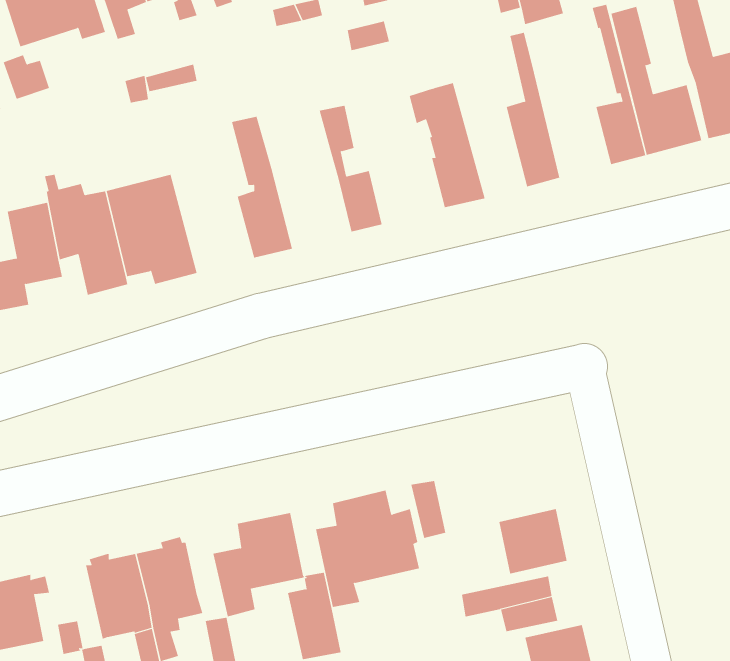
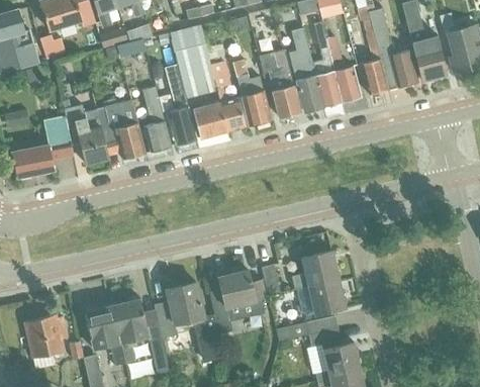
building: none -> [169,24,217,96]
building: none -> [289,27,323,111]
building: none -> [326,35,361,101]
building: none -> [233,59,271,125]
building: none -> [142,86,171,151]
building: none -> [192,101,228,138]
building: none -> [292,252,340,290]

